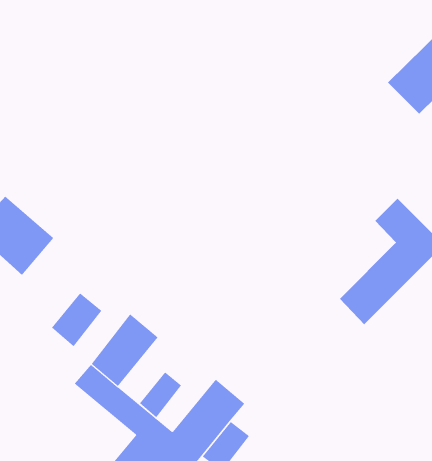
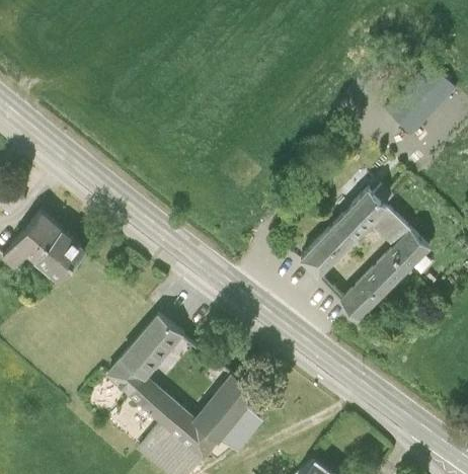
building: none -> [301,187,392,279]
building: [51,292,102,347] -> none
building: [139,371,182,418] -> none

